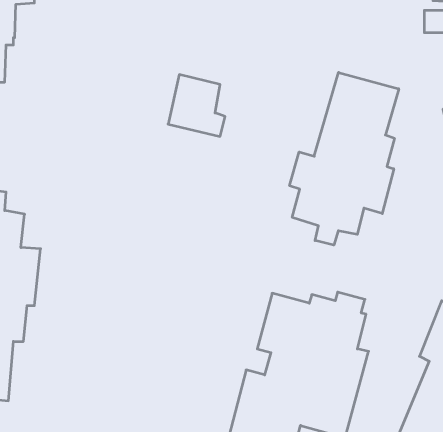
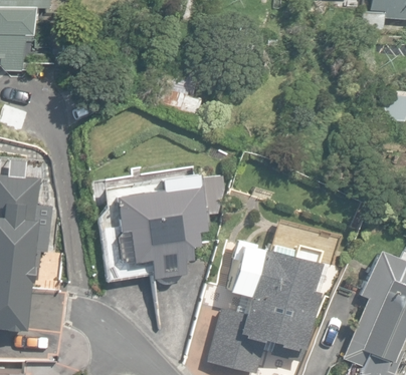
building: [290,72,399,245] -> none
building: none -> [101,175,209,284]

